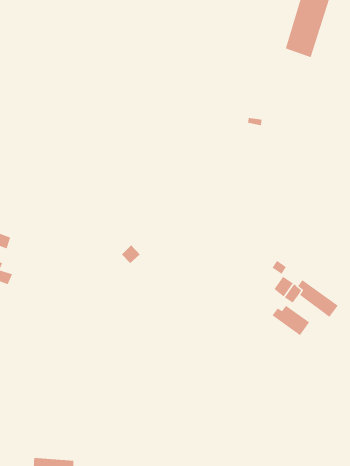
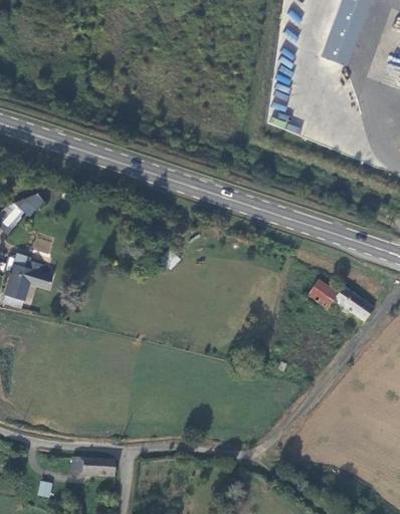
building: [272,305,310,336] -> none

